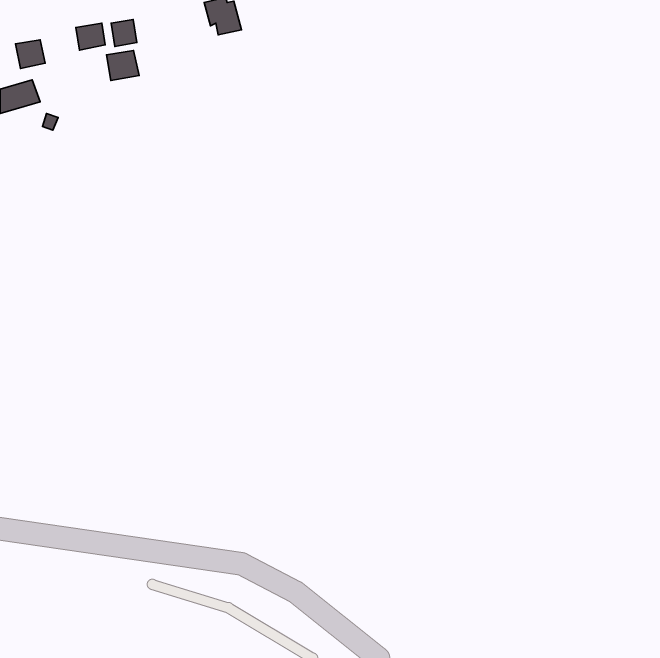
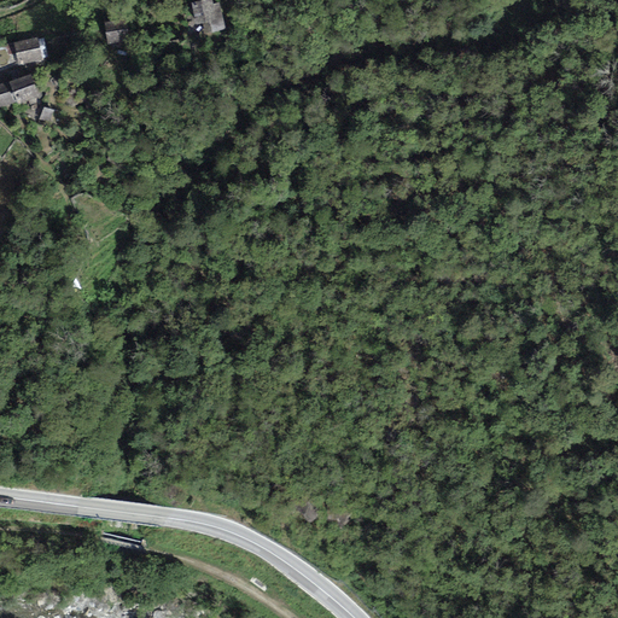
building: [76,23,105,50] -> none
building: [107,51,139,80] -> none

